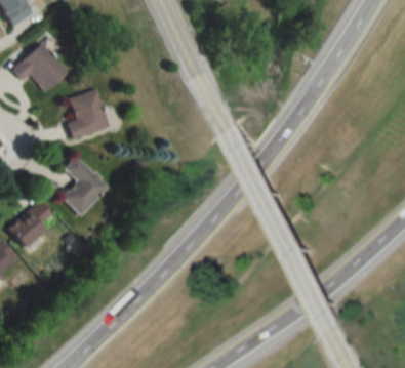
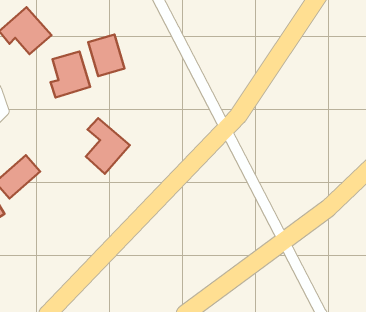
building: none -> [88,34,125,76]
building: [64,156,111,215] -> [86,118,130,174]

